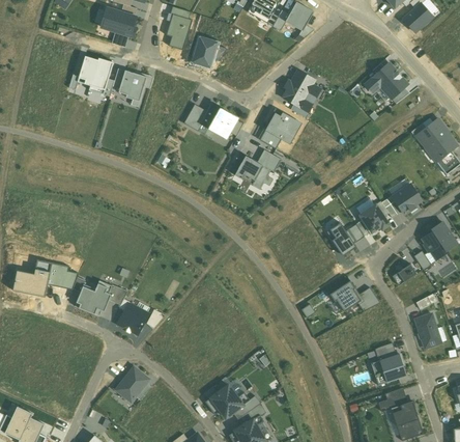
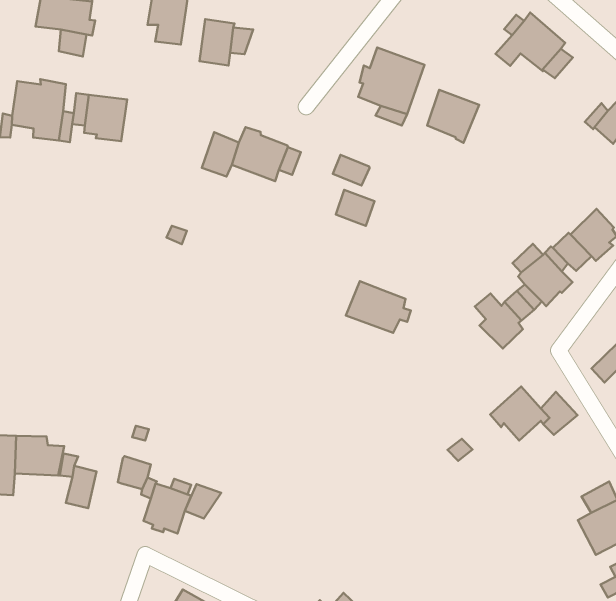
building: [266,109,298,142] -> [427,90,479,143]
building: [234,156,272,189] -> [346,281,411,333]
building: [87,280,112,316] -> none

